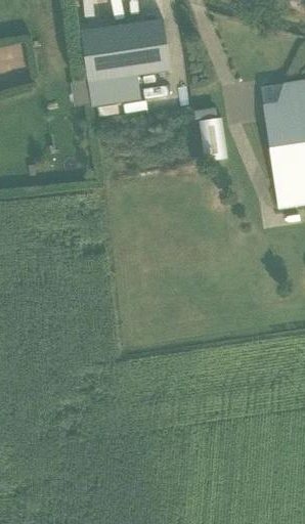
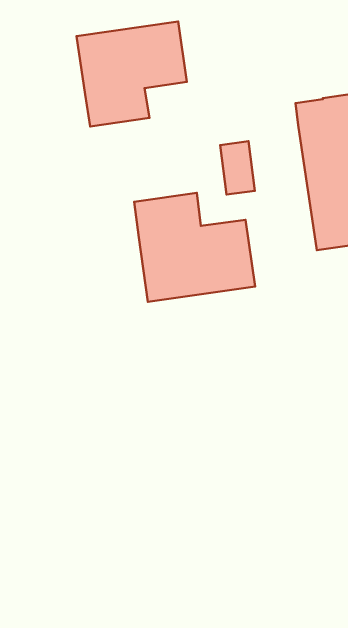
building: none -> [134,193,255,302]

